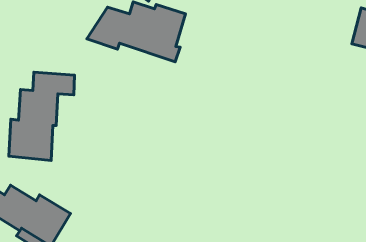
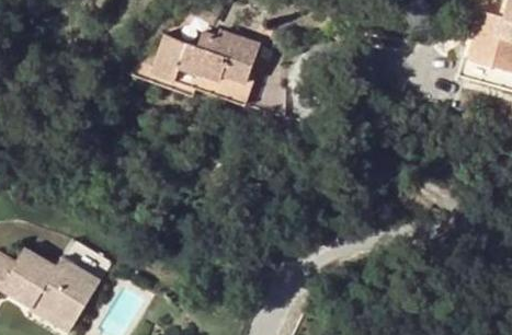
building: [9,72,75,160] -> none

